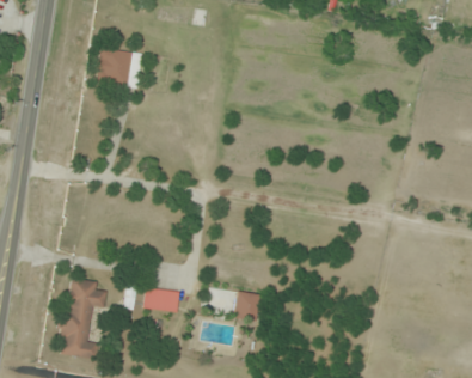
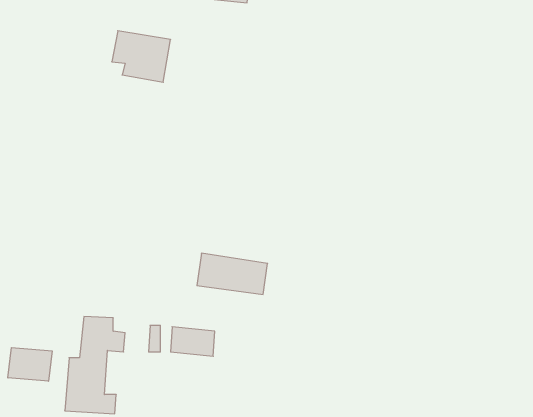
building: [203,286,260,319] -> [197,253,268,294]
building: none -> [8,348,52,381]

